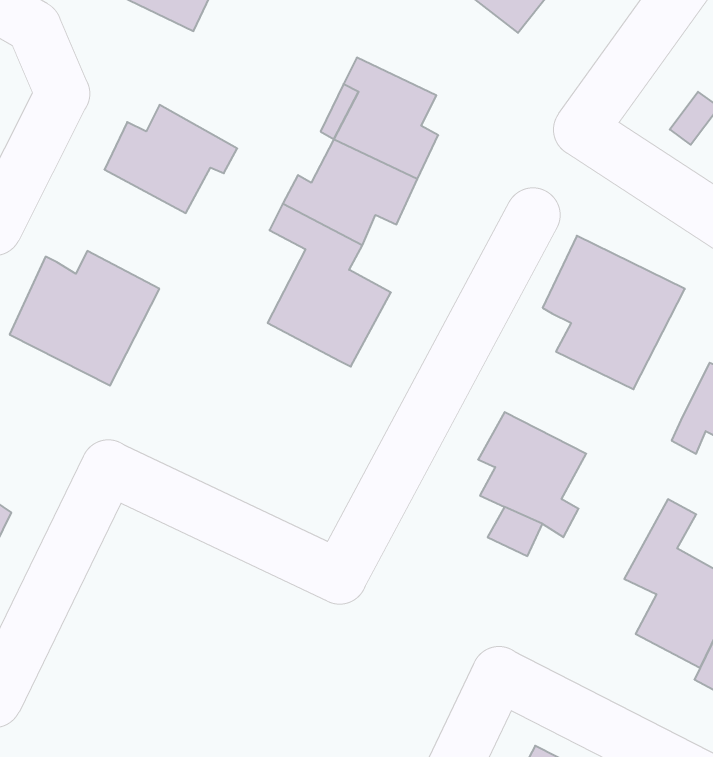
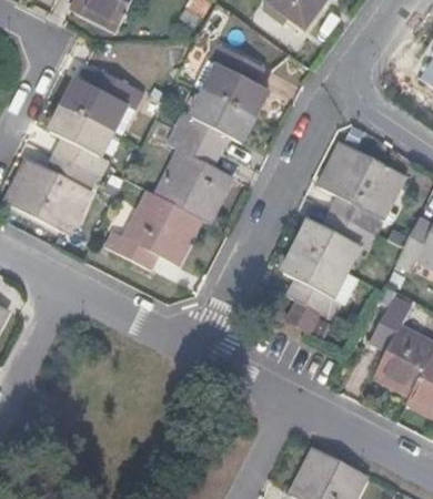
building: none -> [51,106,112,179]
building: none -> [108,192,202,271]
building: none -> [299,213,376,273]

